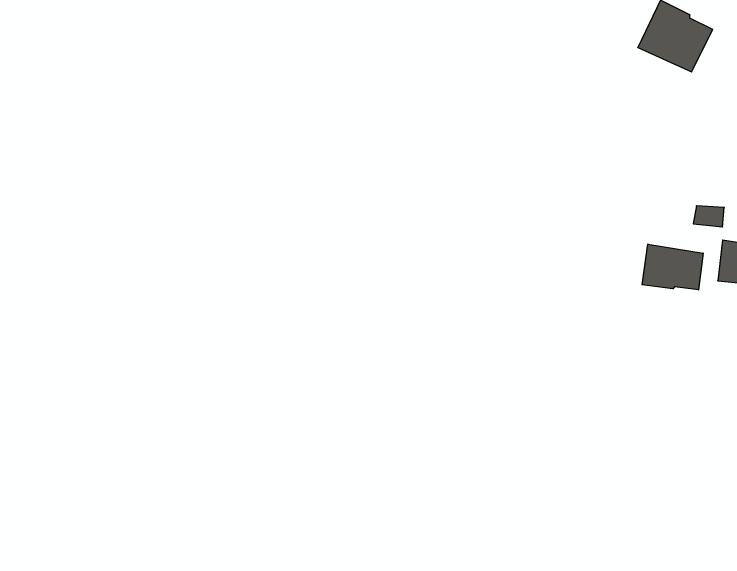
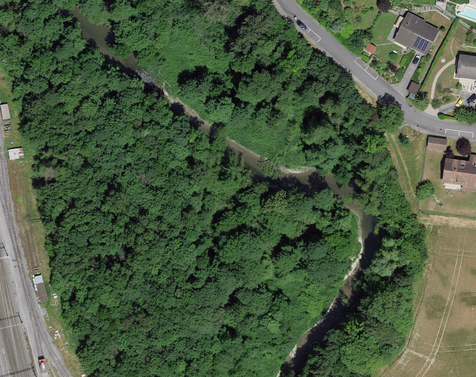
building: [642,244,703,290] -> none

